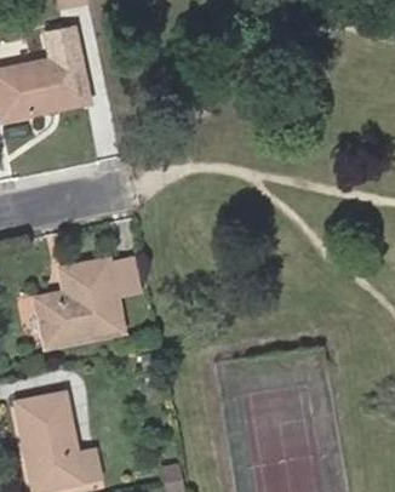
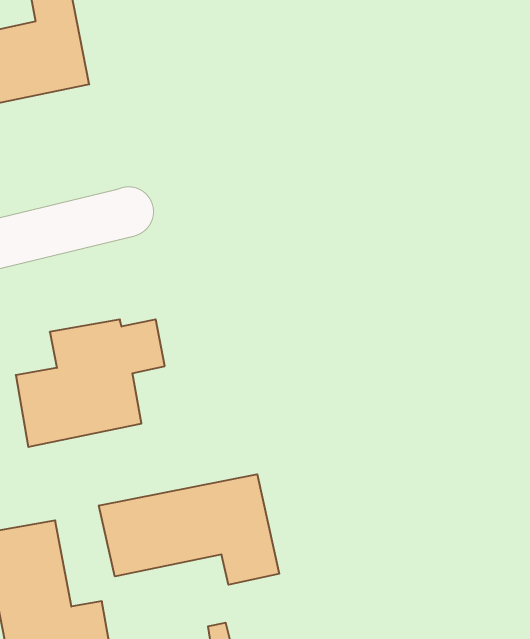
building: none -> [99,474,279,585]

